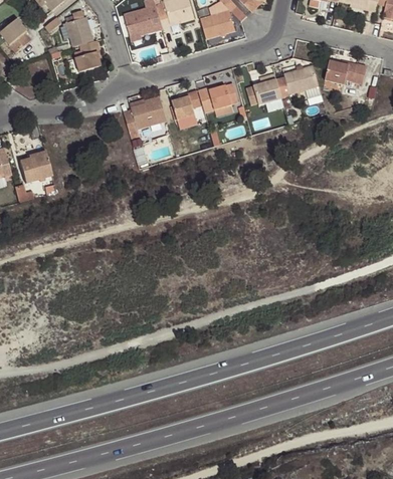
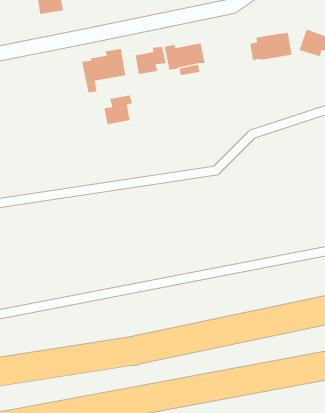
building: [245,72,285,110] -> none
building: none -> [104,95,133,125]

